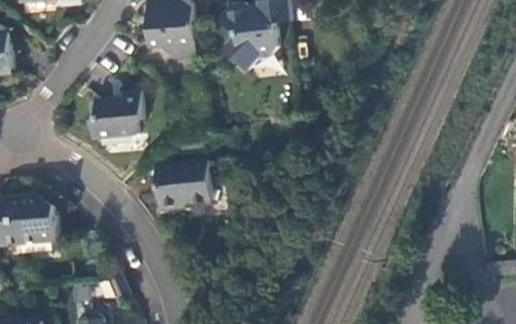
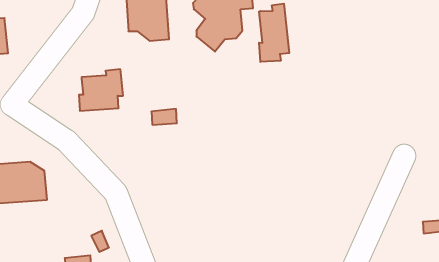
building: none -> [259,4,289,62]
building: [156,160,210,208] -> none

